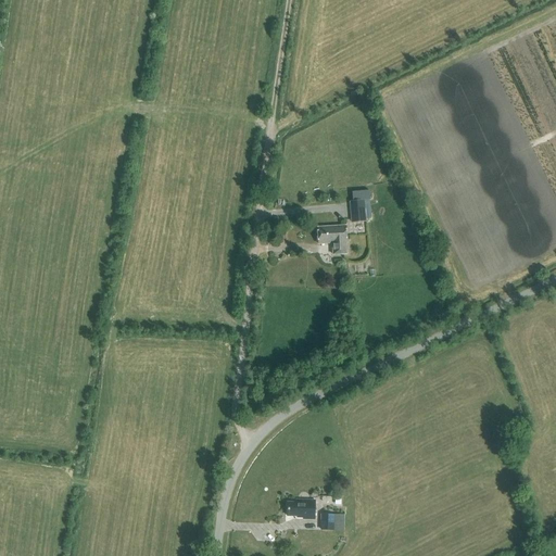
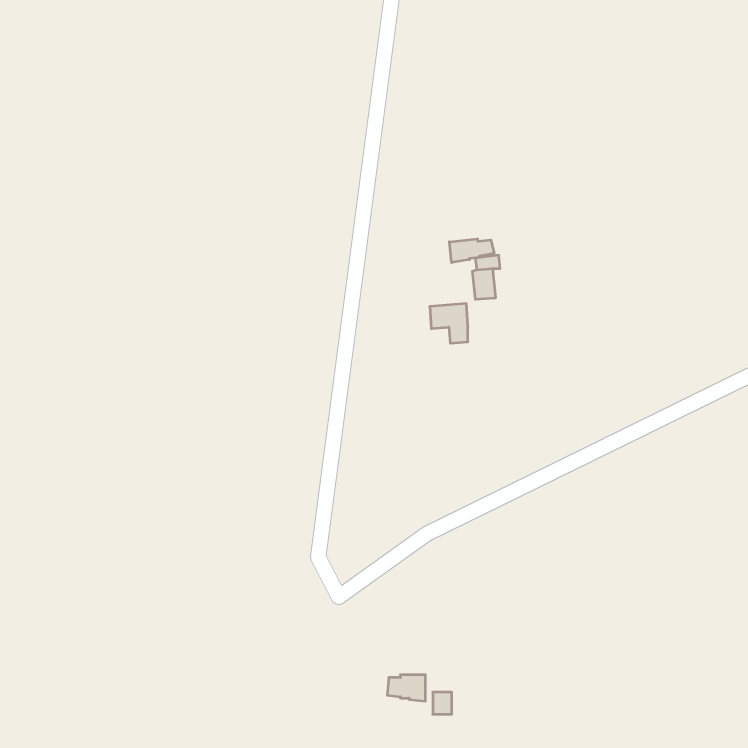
building: none -> [449,239,494,263]

